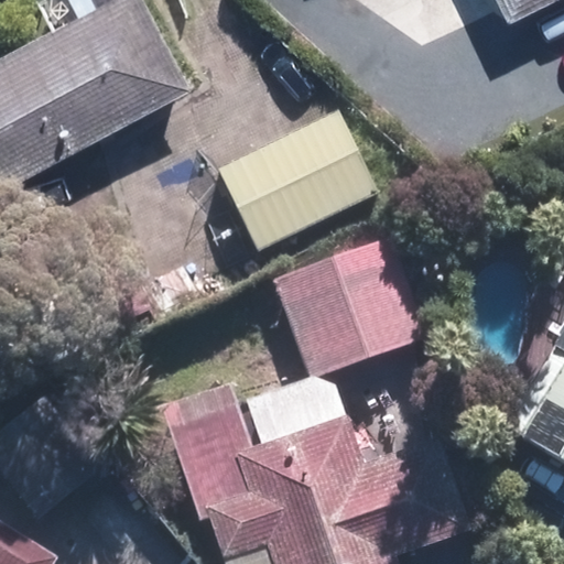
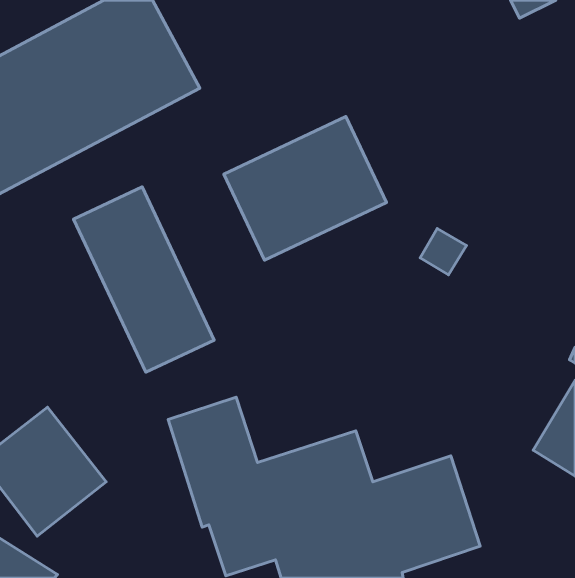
building: none -> [73,187,214,372]
building: [273,241,425,381] -> none

